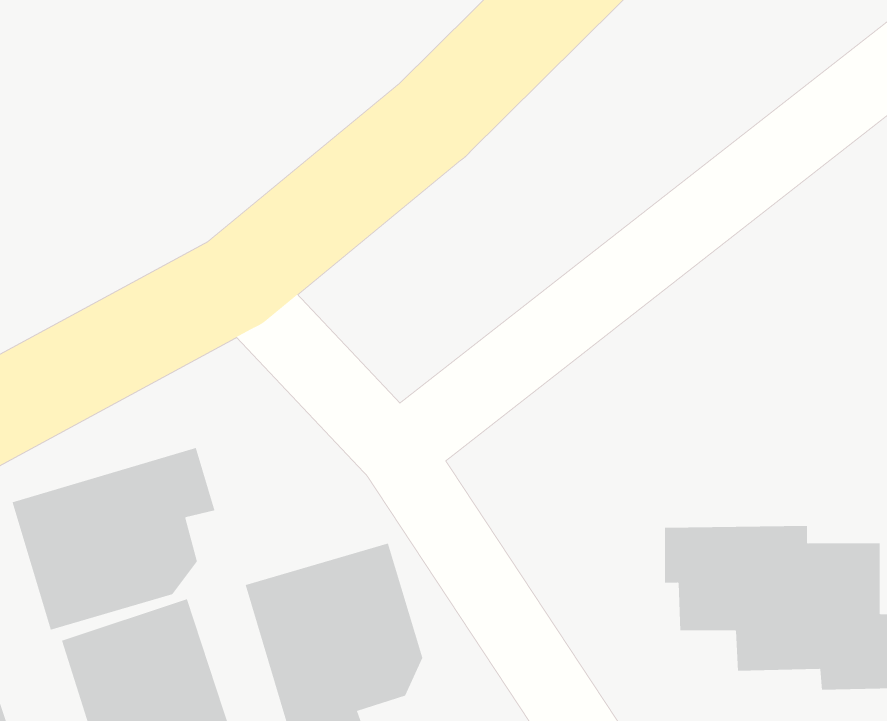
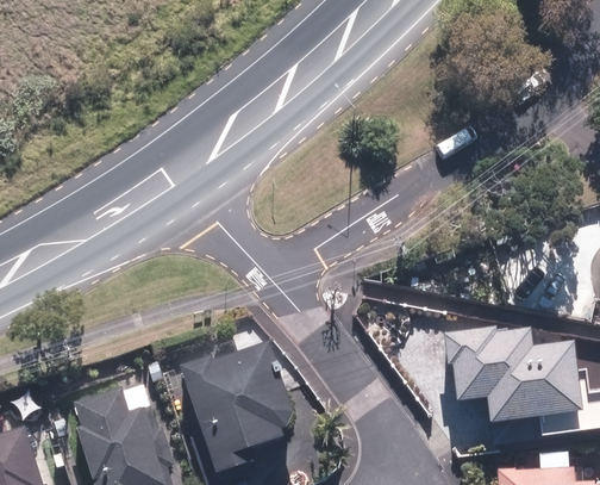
building: [12,447,215,631] -> none

